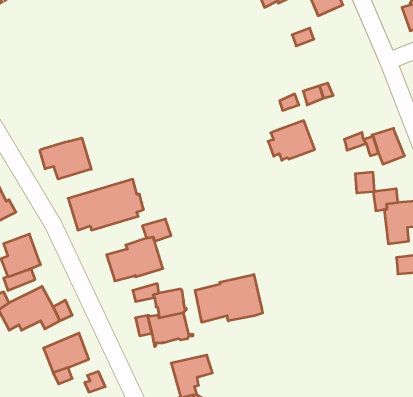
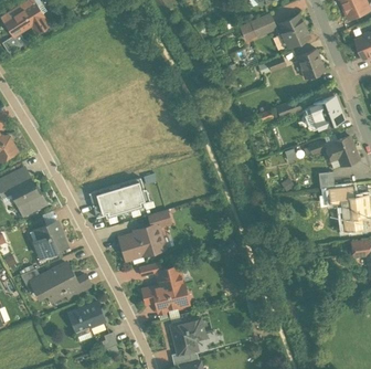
building: none -> [296,49,324,78]
building: [268,121,315,160] -> [305,97,342,129]
building: [40,138,91,179] -> none
building: [195,274,263,322] -> none

